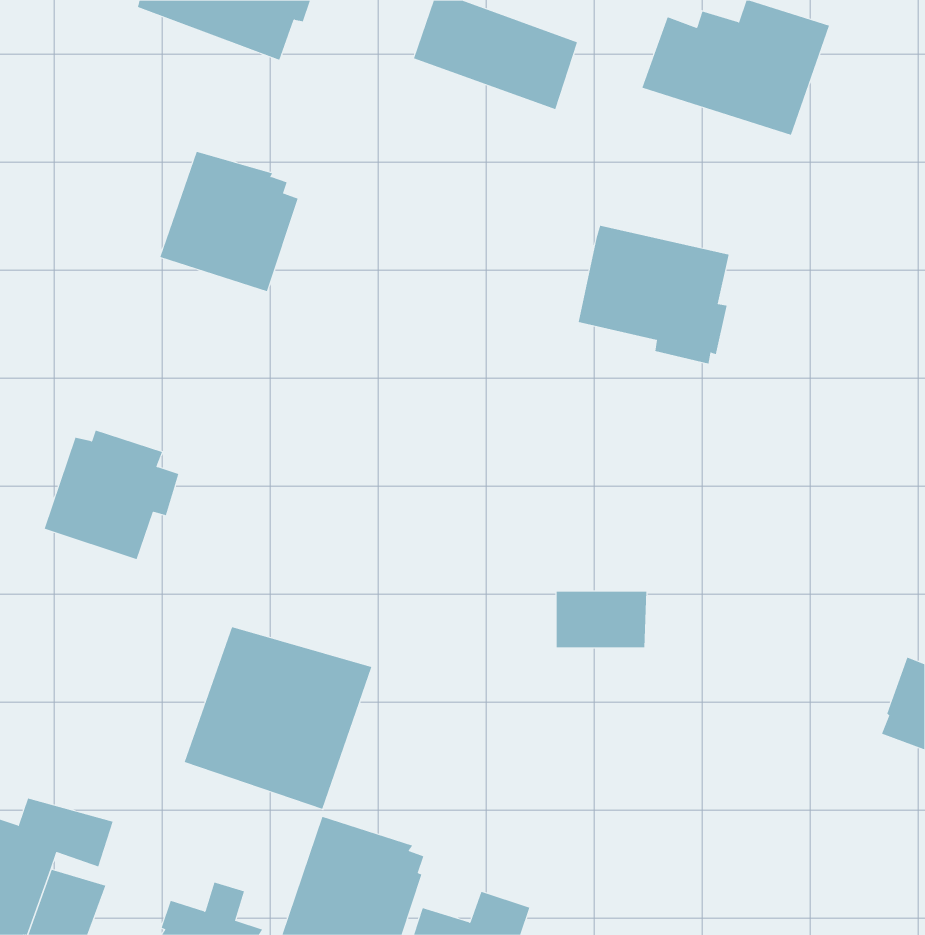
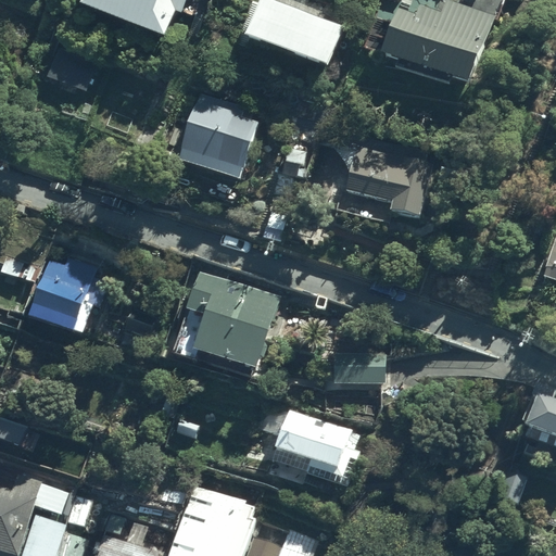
building: [160,151,298,292] -> [175,94,257,178]
building: [184,627,372,810] -> [168,271,280,380]
building: none -> [267,410,358,489]

